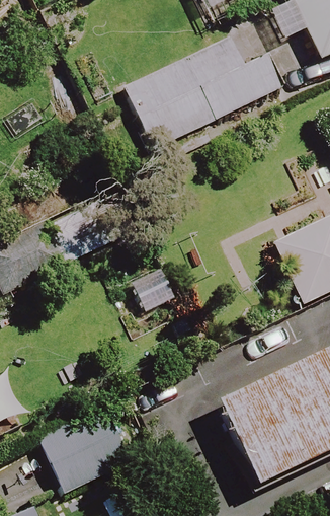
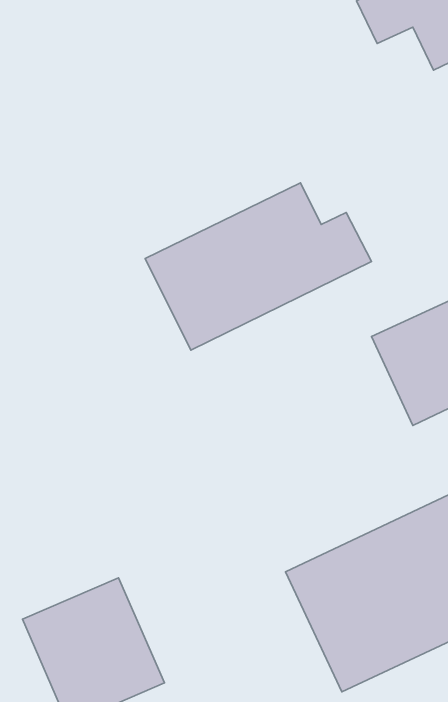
building: [126,34,280,149] -> [145,183,371,350]

